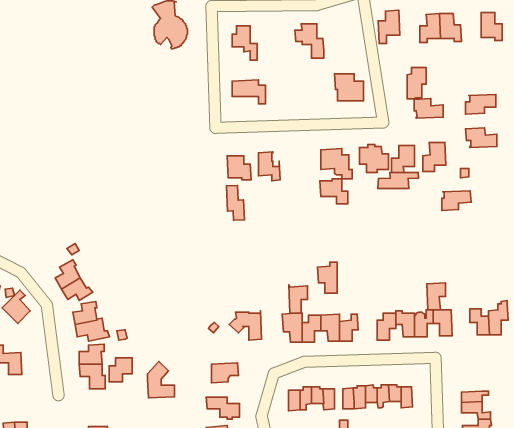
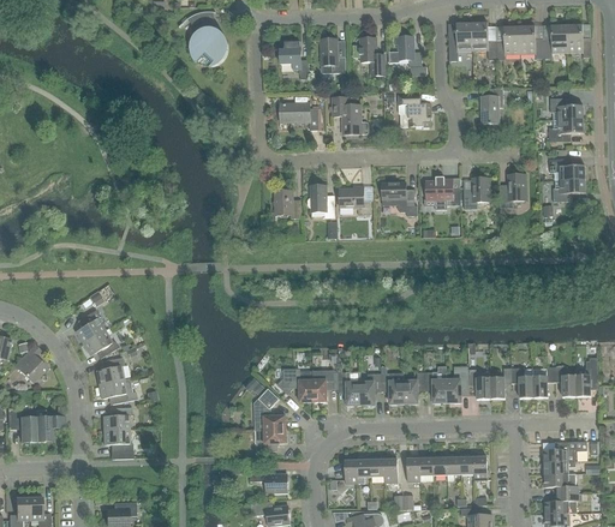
building: none -> [472,22,496,60]
building: none -> [543,24,567,58]
building: none -> [389,36,422,67]
building: none -> [321,38,346,72]
building: none -> [332,97,369,134]
building: [414,98,443,118] -> [550,97,584,120]
building: [378,173,419,189] -> none
building: [320,179,348,204] -> [339,186,371,215]
building: [226,185,245,220] -> none
building: [442,191,471,210] -> [553,179,586,202]
building: [317,262,337,293] -> [424,366,447,402]
building: [427,283,446,310] -> [532,366,554,397]
building: [289,285,307,313] -> [312,369,334,401]
building: none -> [36,406,65,442]
building: [109,358,132,382] -> none
building: [148,361,175,398] -> [255,388,286,430]
building: none -> [543,441,587,462]

